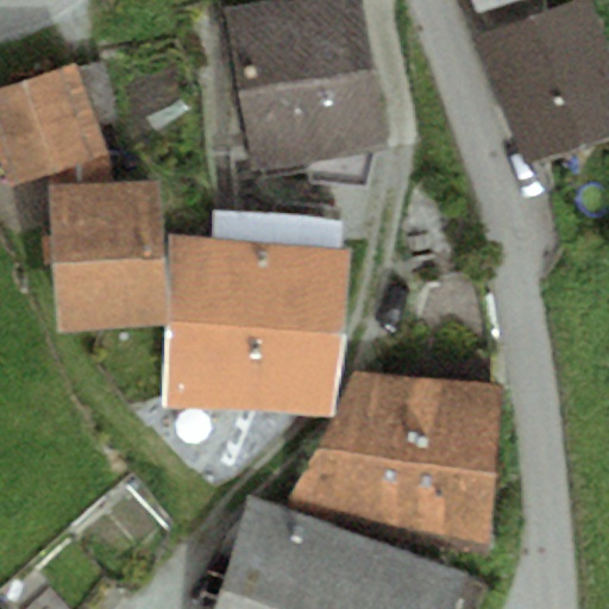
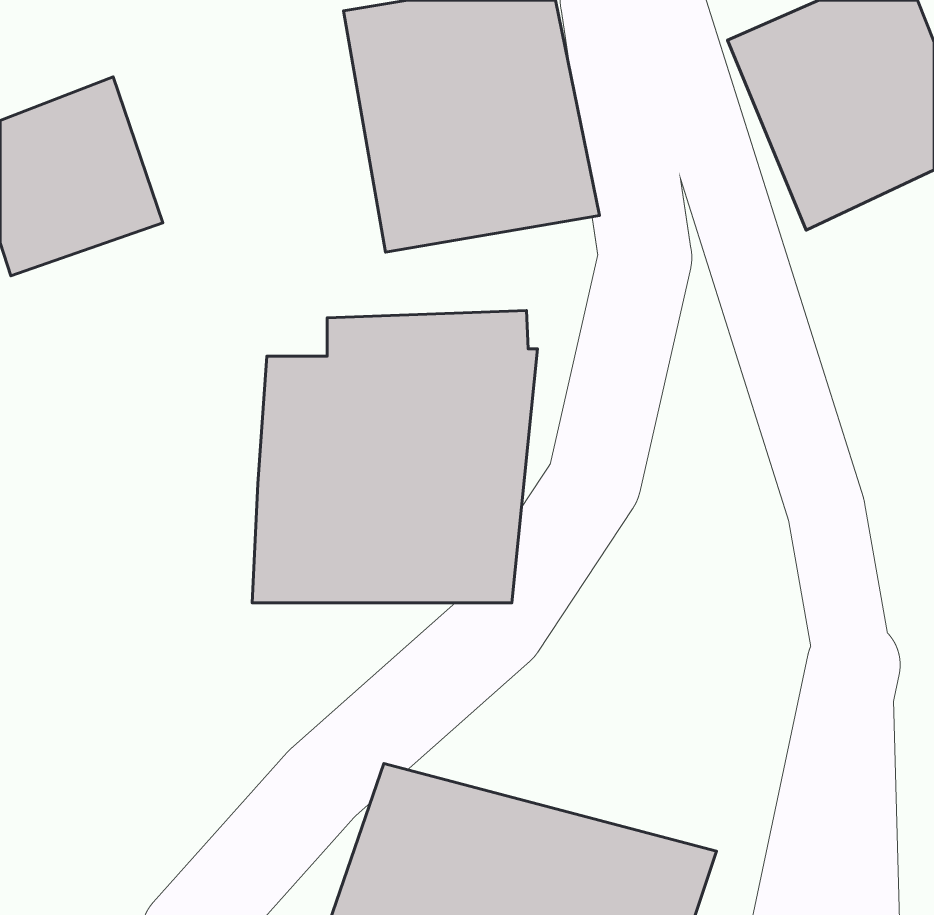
building: [48,177,168,331] -> none
building: [290,379,504,540] -> none

